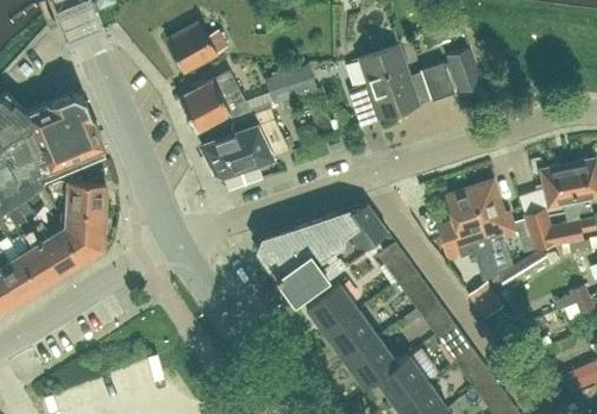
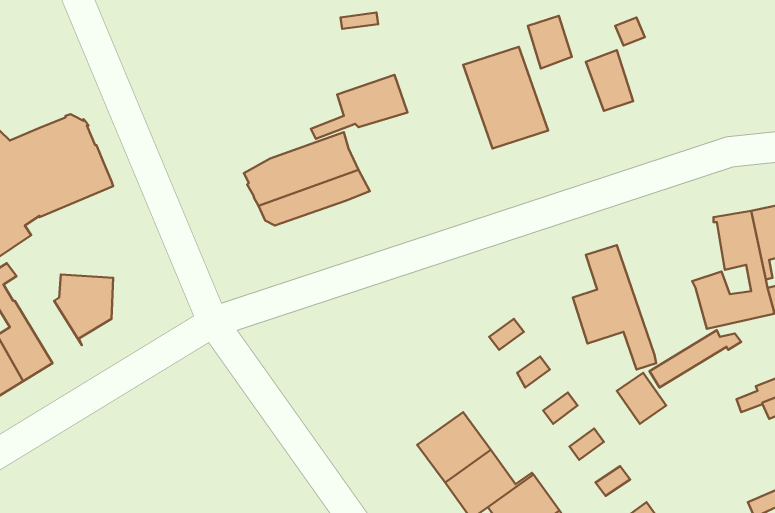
building: [166,25,227,74] -> none
building: [422,64,454,102] -> [528,16,572,68]
building: [178,73,246,133] -> none
building: [52,182,106,214] -> none
building: [470,182,516,270] -> none
building: [258,206,387,302] -> none
building: [32,224,81,276] -> none
building: [306,284,358,335] -> none

